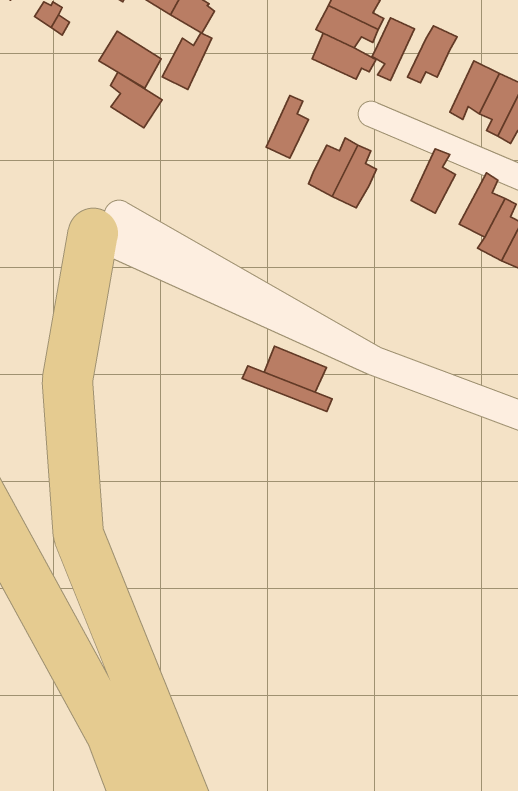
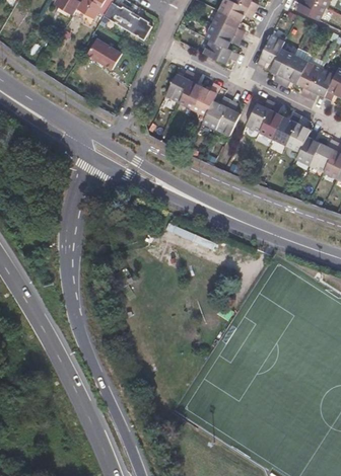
building: [372,18,414,80] -> [269,48,292,82]
building: [162,33,212,90] -> [163,70,191,101]
building: [111,72,162,128] -> none
building: none -> [191,83,218,114]
building: none -> [245,99,271,131]
building: none -> [271,112,299,144]
building: [264,346,327,392] -> none

